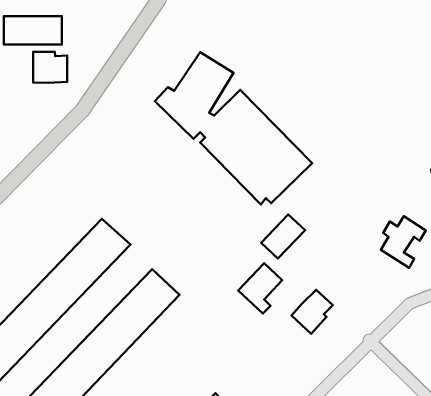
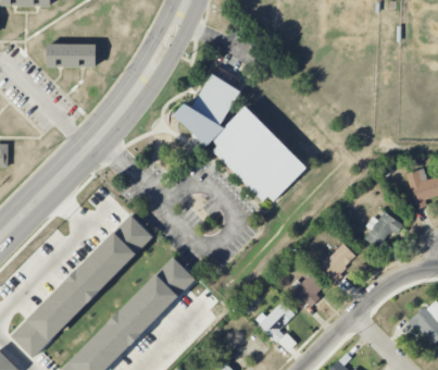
building: [33,52,67,83] -> none
building: [261,215,305,258] -> [320,244,356,281]
building: [238,263,282,314] -> [258,300,295,343]

